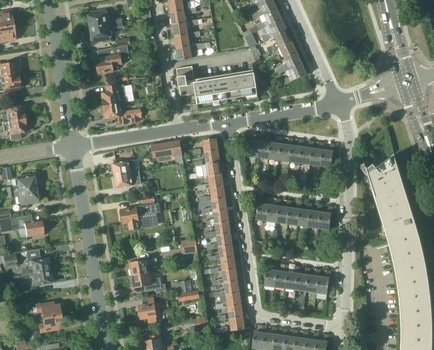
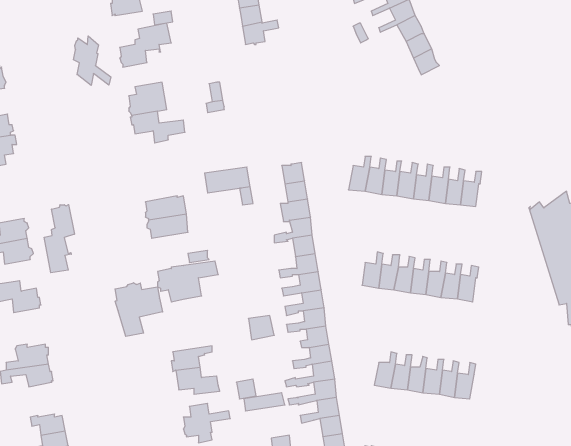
building: none -> [73,36,111,85]
building: [176,66,257,106] -> none
building: none -> [44,205,74,273]
building: none -> [115,283,163,336]

